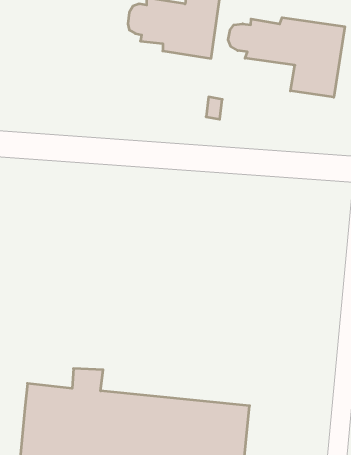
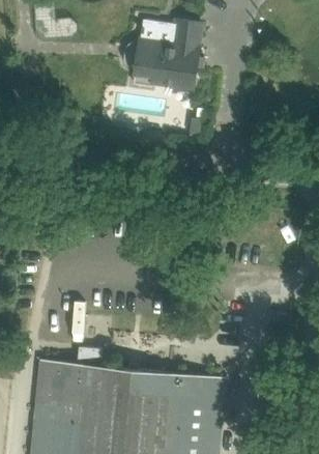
building: [228,18,345,97] -> none

